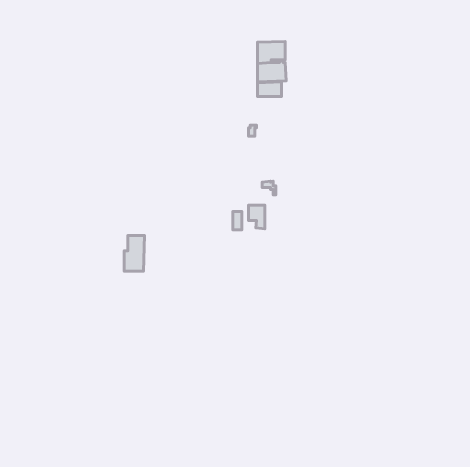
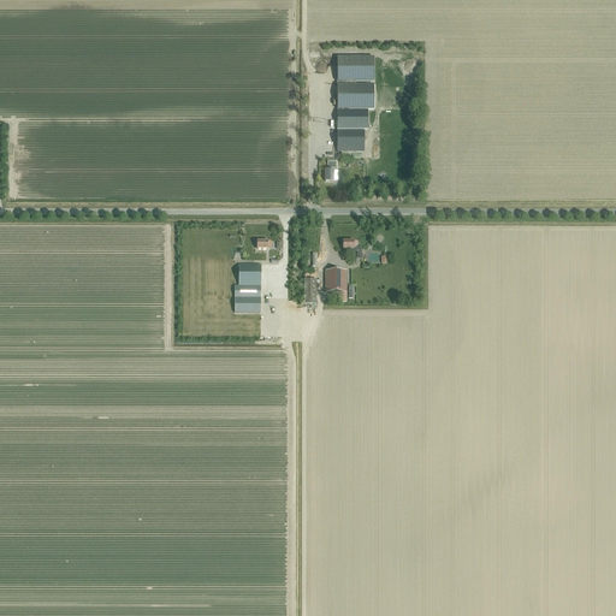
building: none -> [337,128,363,149]
building: [124,235,144,271] -> [235,262,261,309]

